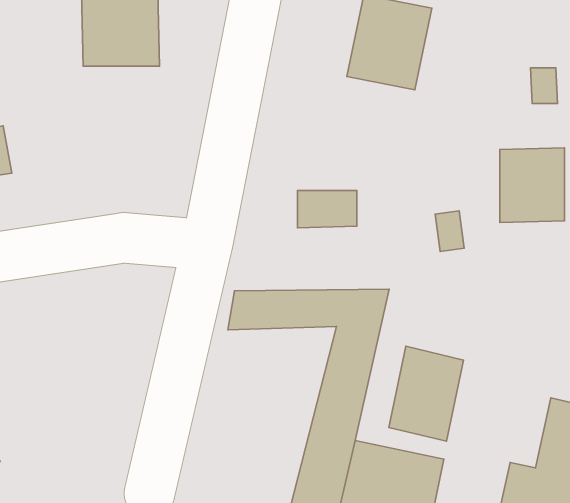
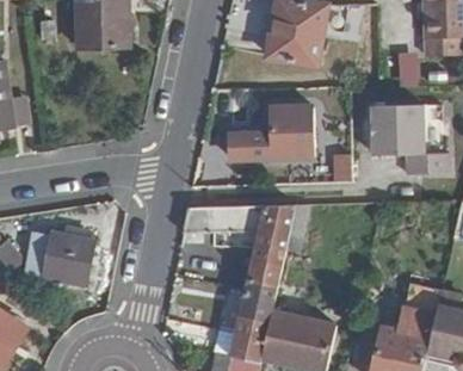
building: none -> [272,106,315,161]
building: none -> [39,231,92,305]
building: [389,346,463,441] -> none

